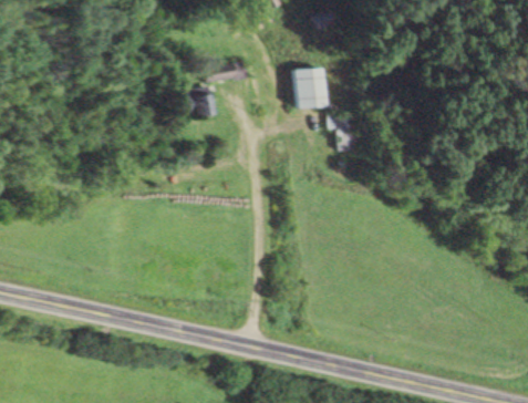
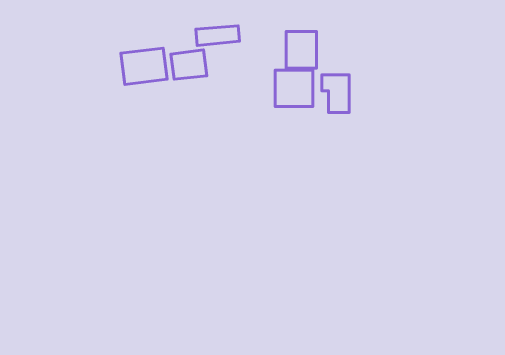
building: none -> [121,48,167,85]
building: none -> [275,70,313,107]

